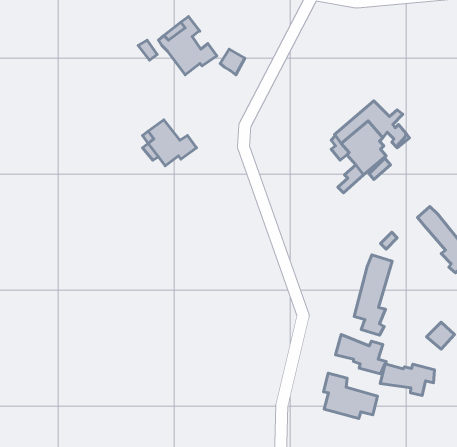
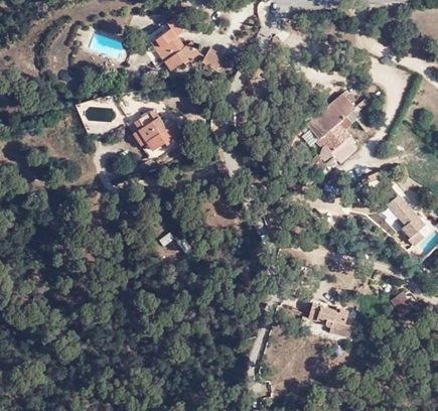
building: [354,255,392,335] -> none
building: [380,364,435,395] -> none
building: [324,373,378,419] -> none

